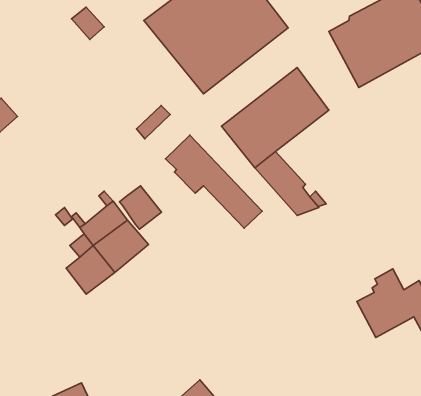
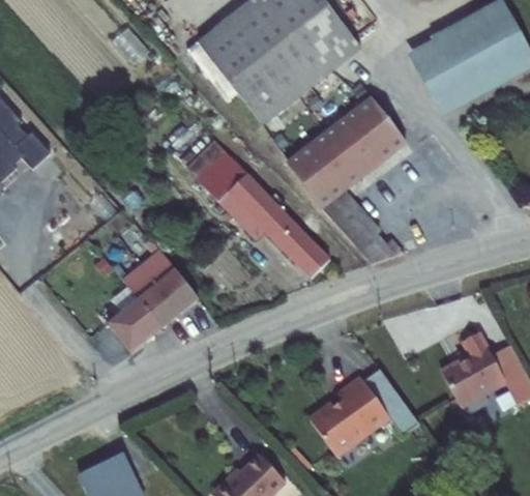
building: none -> [196,148,247,201]
building: [119,186,162,229] -> none
building: none -> [313,370,422,459]

